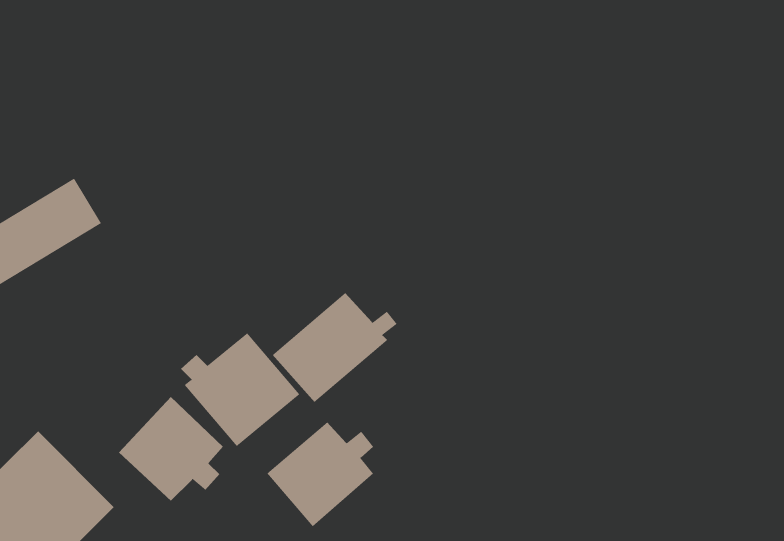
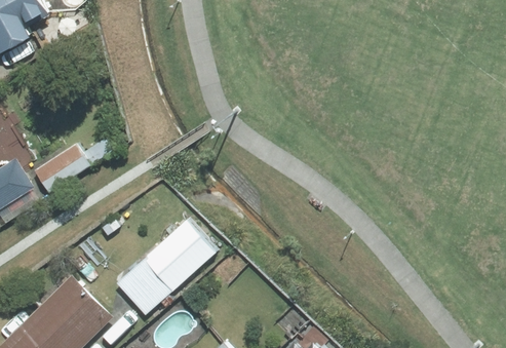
building: [272,292,398,403] -> none
building: [267,422,374,527] -> none

